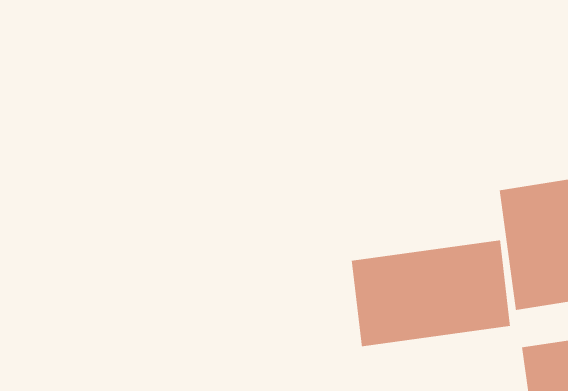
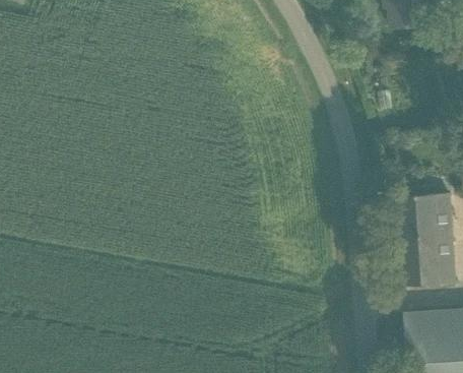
building: [351,240,511,347] -> none

